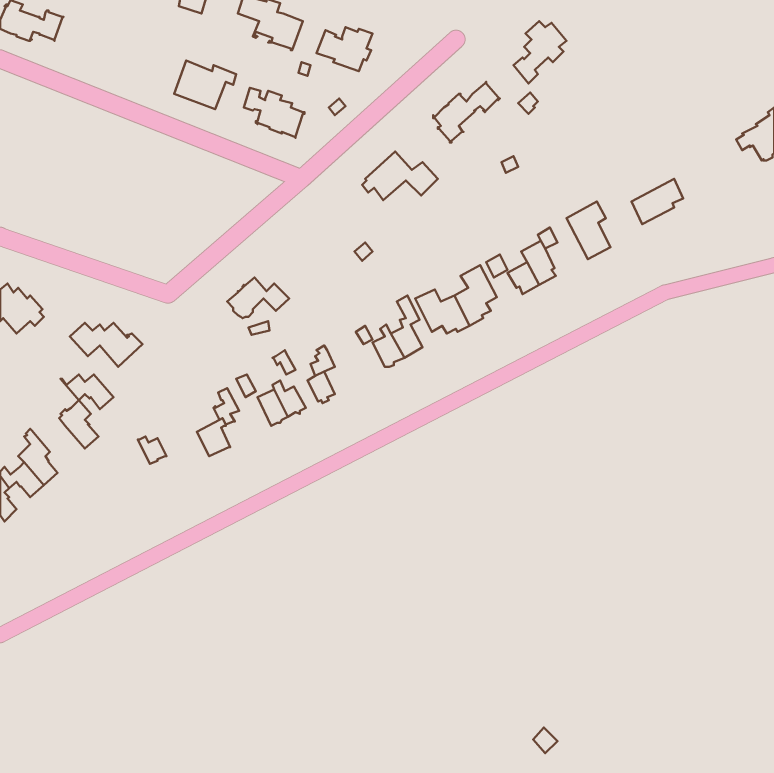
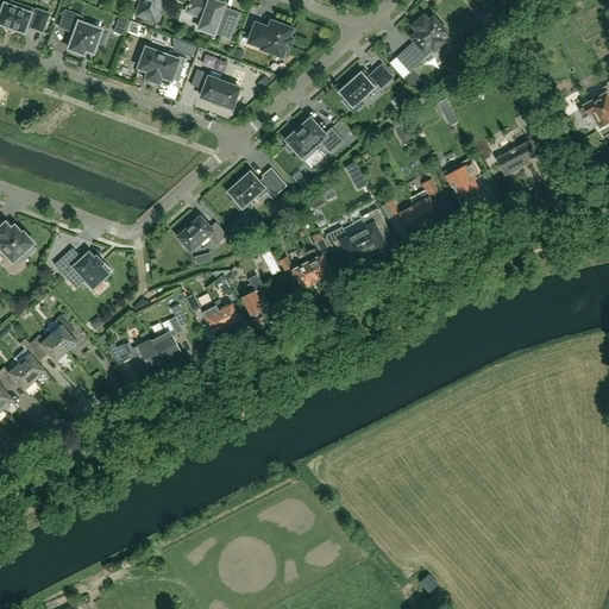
building: none -> [59,10,105,54]
building: none -> [228,168,287,212]
building: [61,374,114,409] -> [25,334,67,362]
building: none -> [131,338,164,368]

